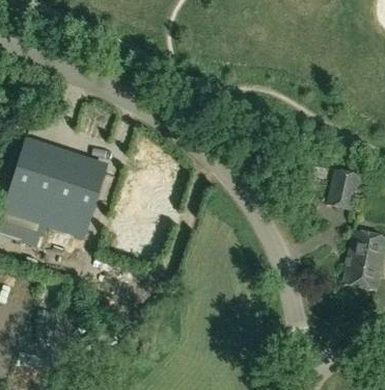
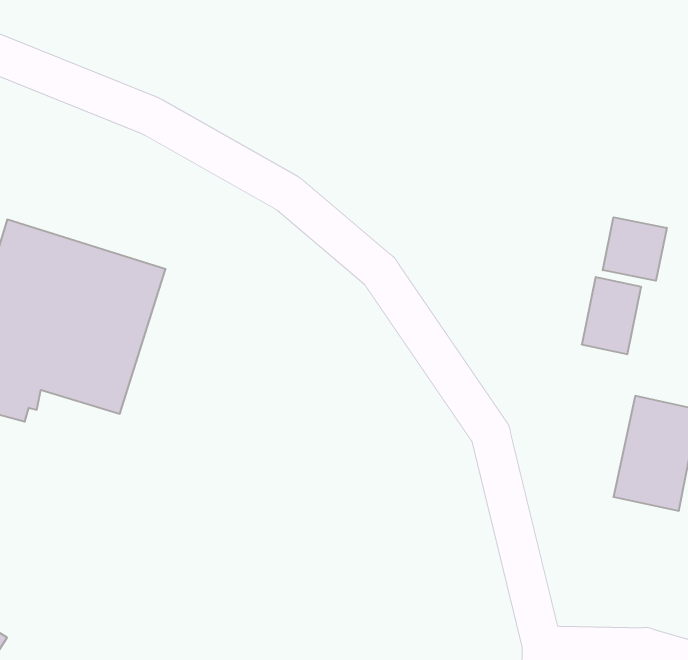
building: none -> [603,217,667,281]

